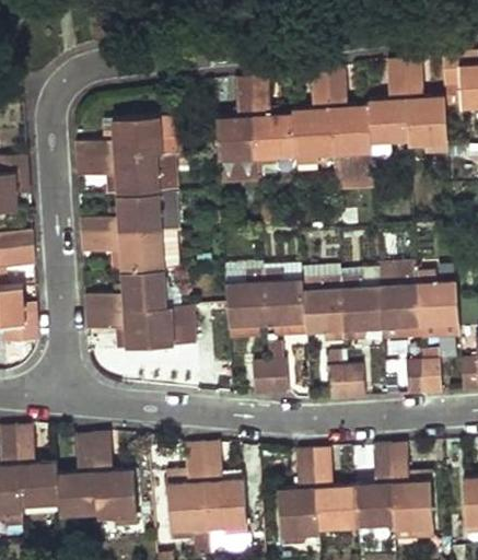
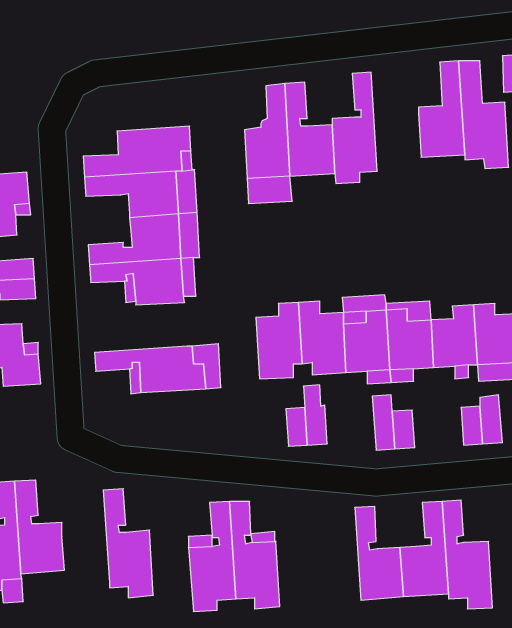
building: [327,68,372,163] -> none
building: [84,270,166,314] -> none
building: [57,434,98,517] -> none
building: [277,450,318,547] -> none

